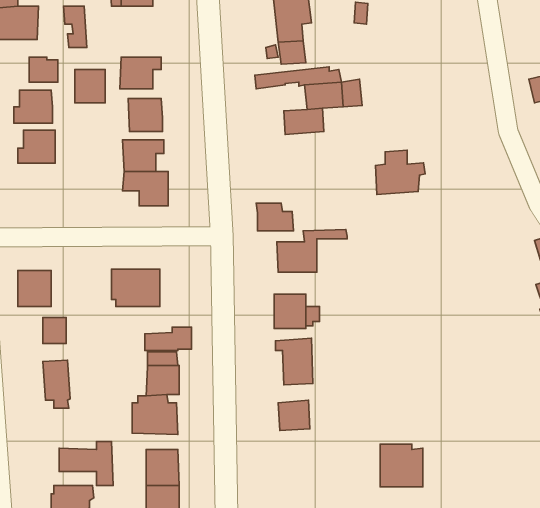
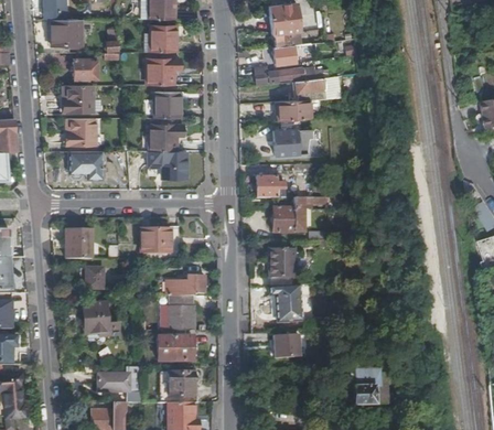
building: [75,70,105,103] -> [151,25,175,52]
building: [375,150,425,194] -> [273,120,313,155]
building: none -> [67,152,101,180]

